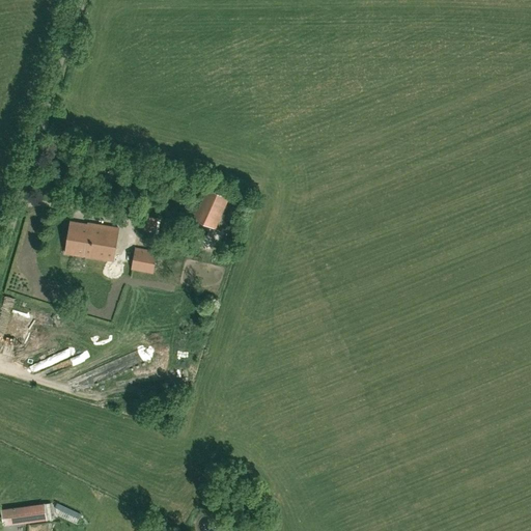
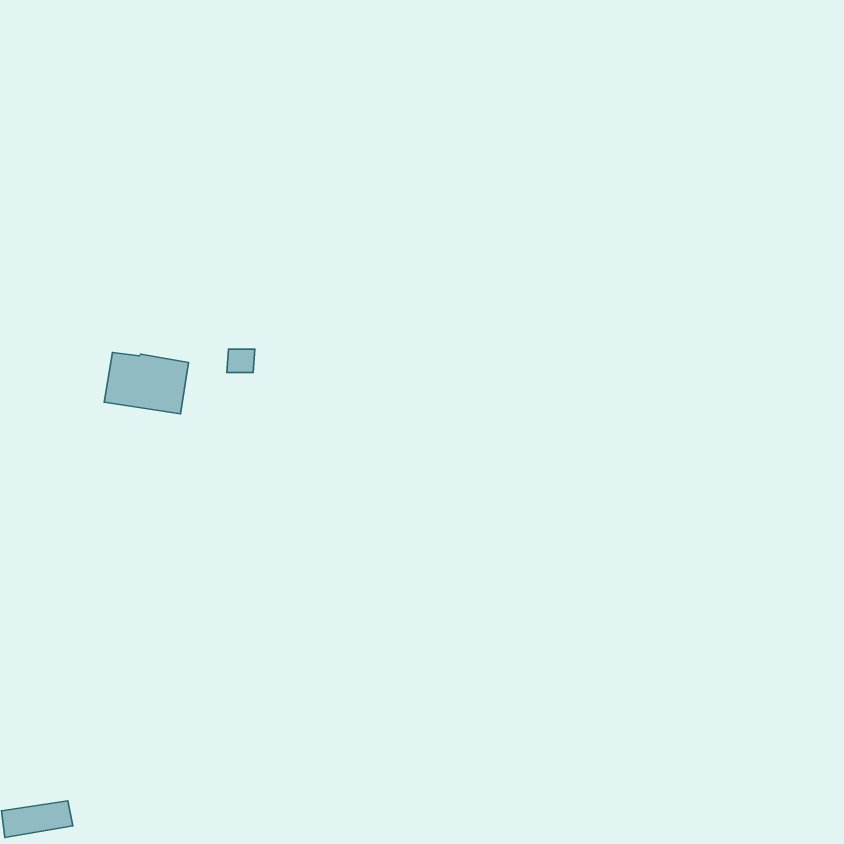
building: [190,188,229,230] -> none
building: [131,250,156,274] -> none

